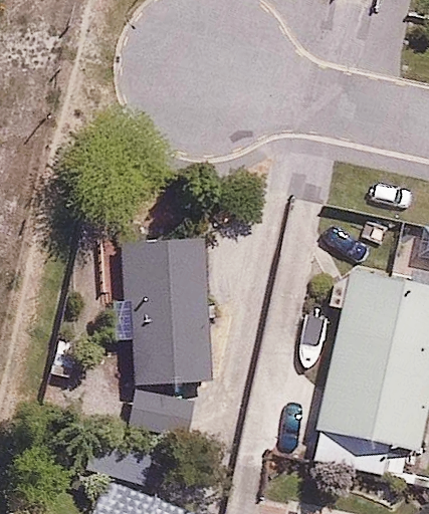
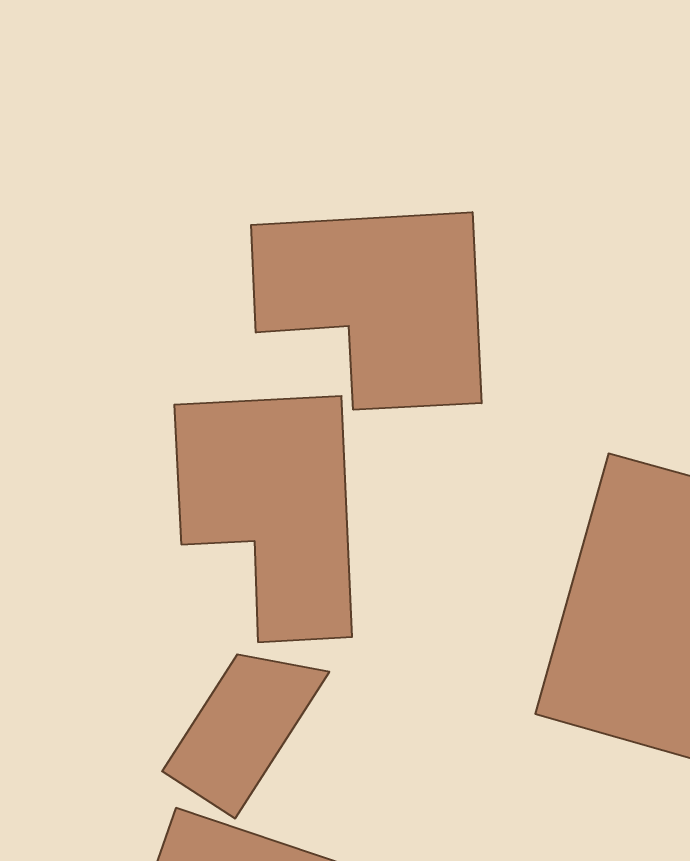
building: none -> [251,212,482,410]

